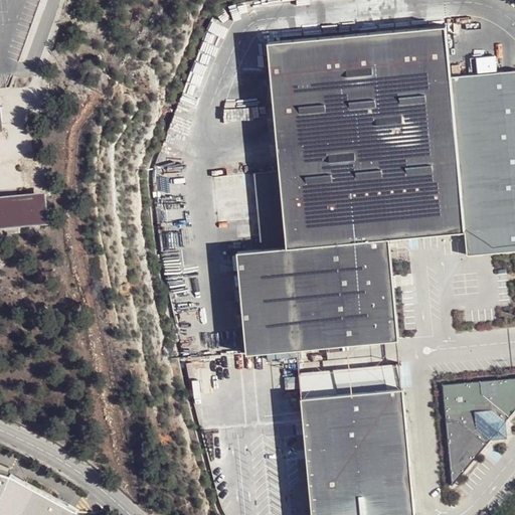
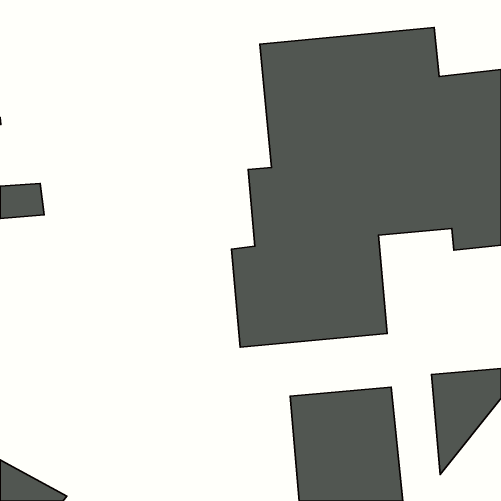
building: [295,361,401,406] -> none

